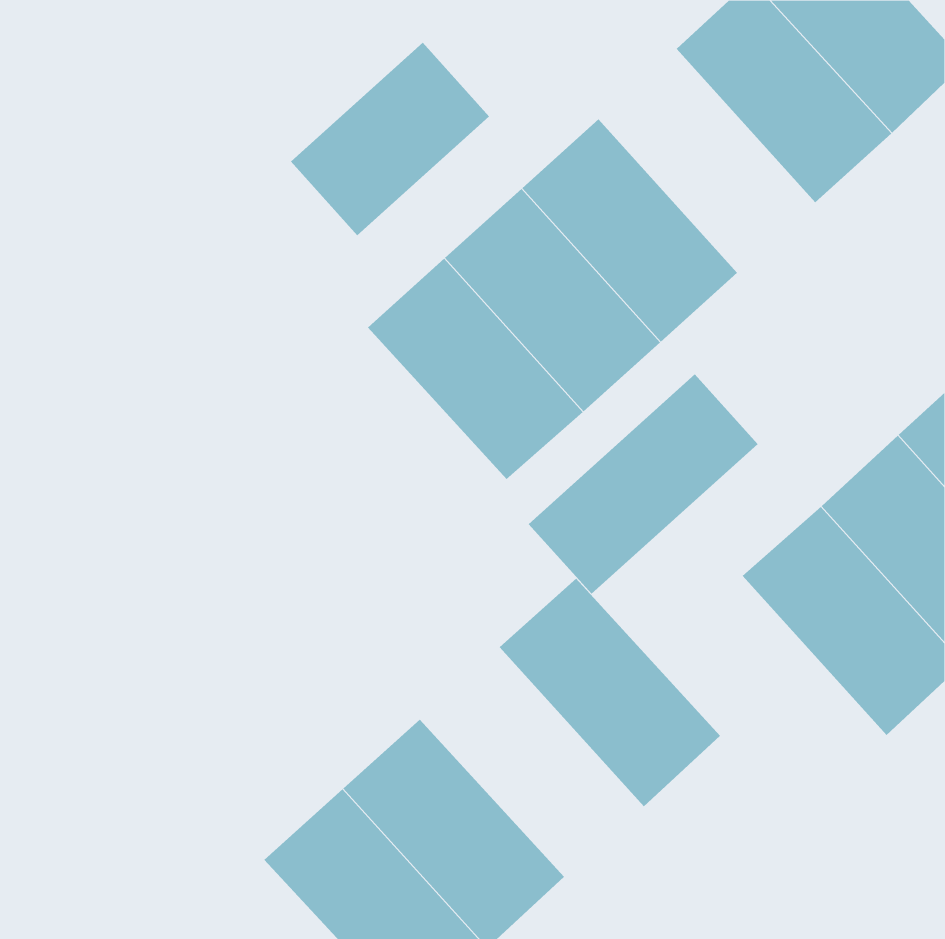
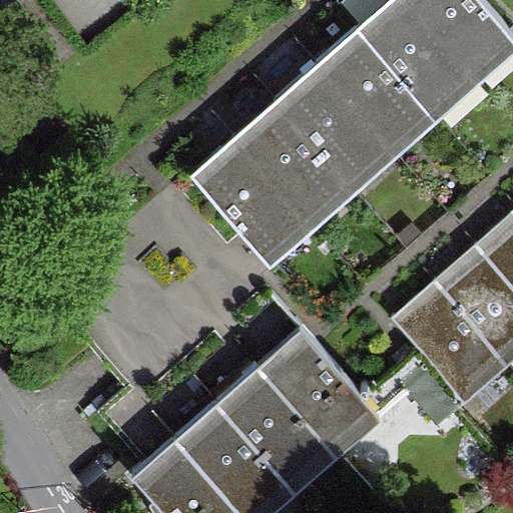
building: [290,42,490,236] -> none
building: none -> [319,38,434,157]
building: [528,373,759,595] -> none
building: none -> [223,357,343,479]

